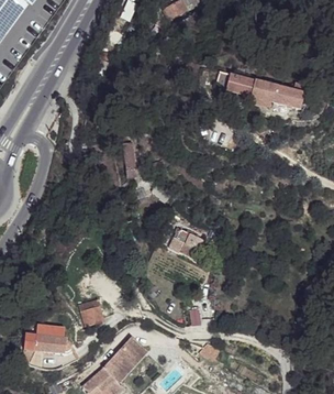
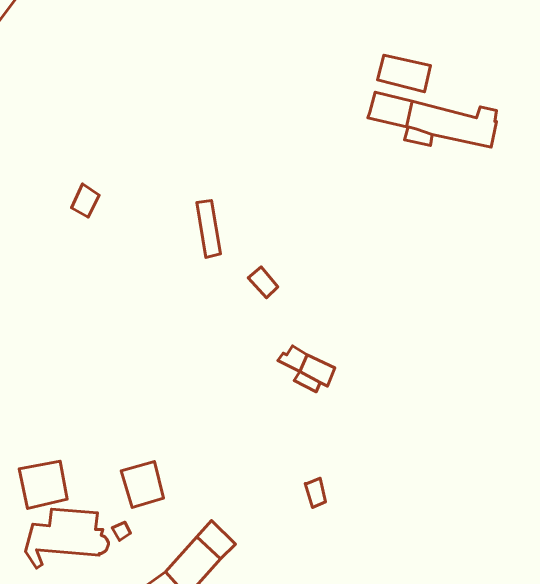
building: none -> [377,55,431,92]
building: none -> [19,461,67,509]

